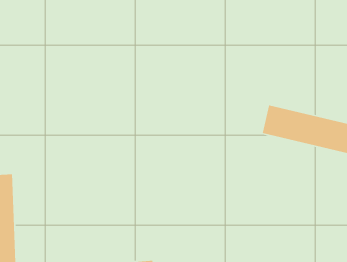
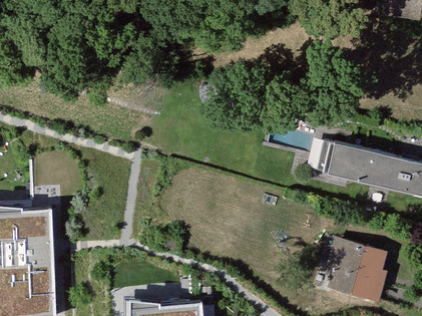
building: none -> [324,235,386,300]

